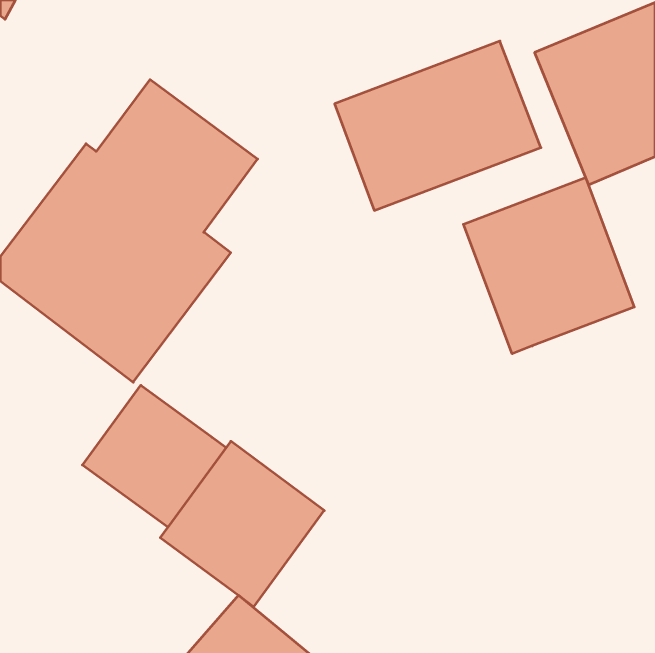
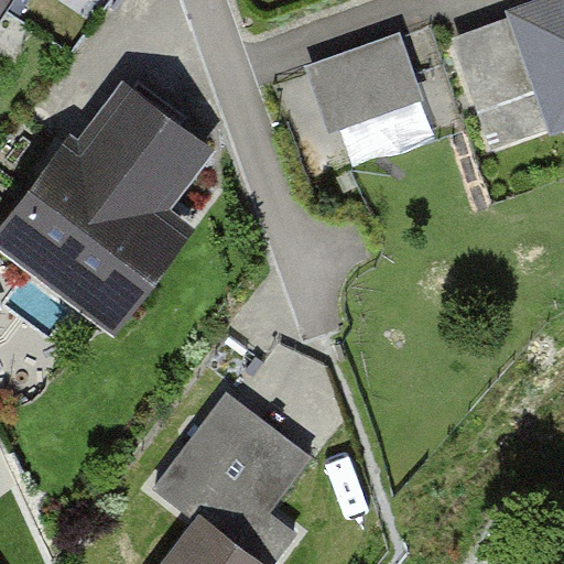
building: [463,178,634,354] -> none
building: [82,385,226,527] -> none

